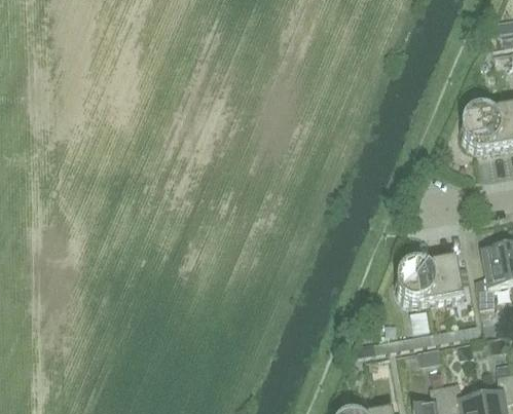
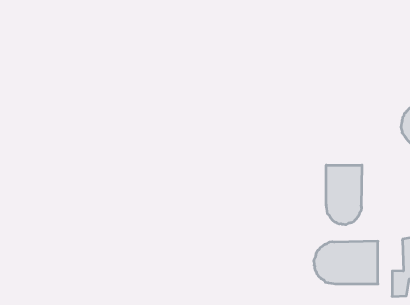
building: none -> [326,165,362,225]

